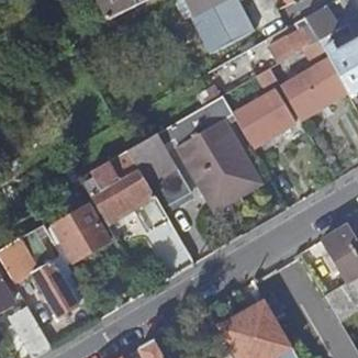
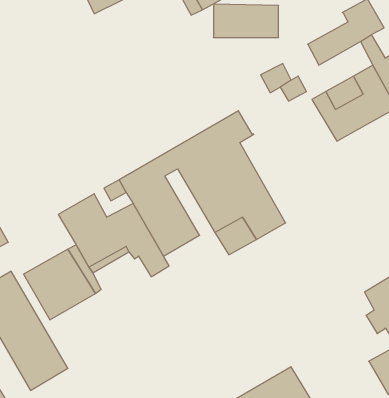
building: [233,89,294,147] -> none

